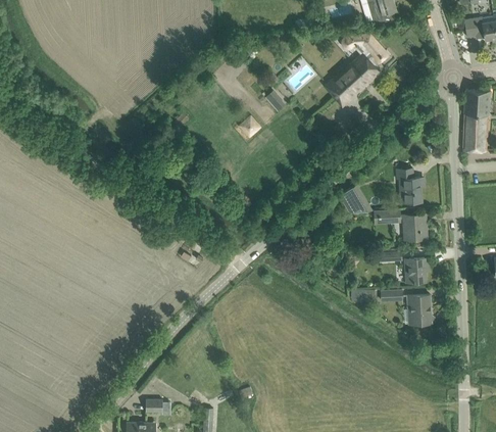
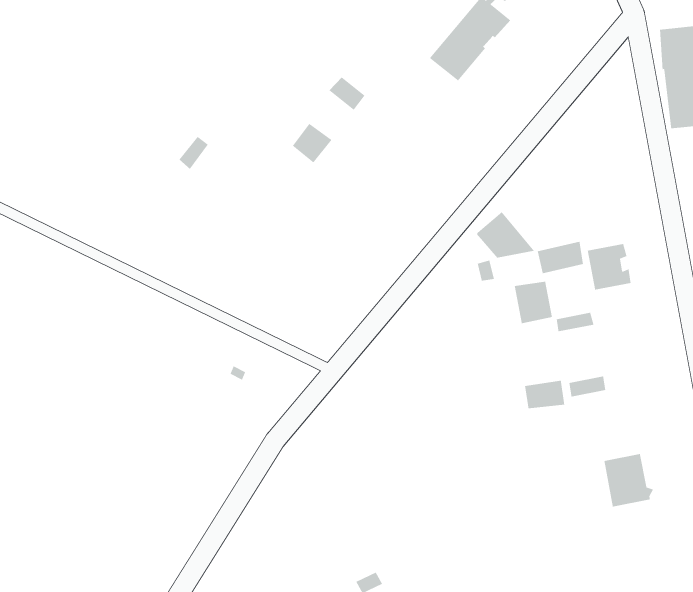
building: [396,169,421,202] -> none
building: [405,258,426,282] -> [514,281,553,324]
building: [407,294,435,324] -> [603,453,654,507]

